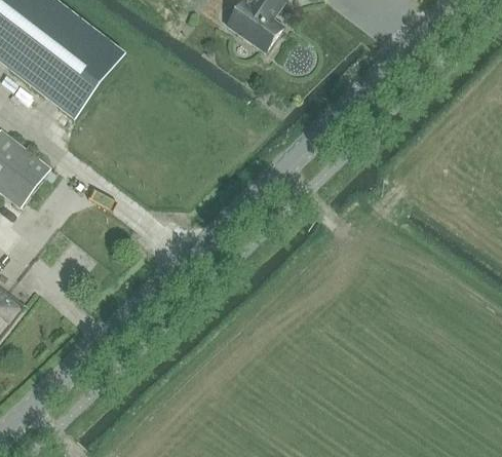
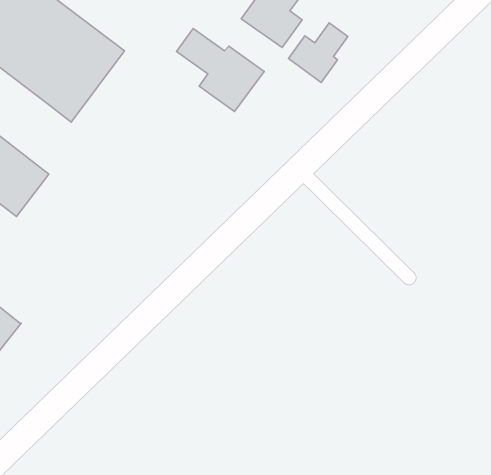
building: none -> [289,23,348,82]
building: none -> [176,28,264,111]

